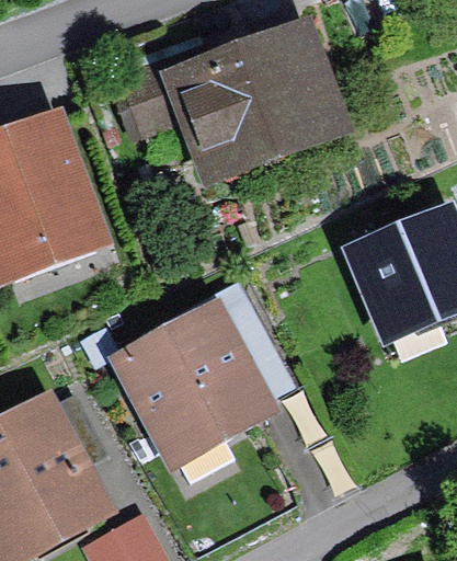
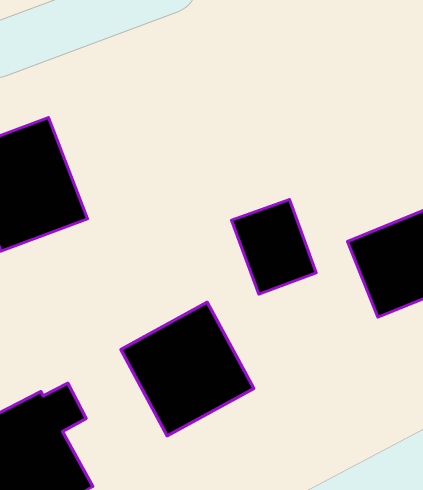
building: [128,42,324,163] -> none
building: none -> [232,199,316,294]

